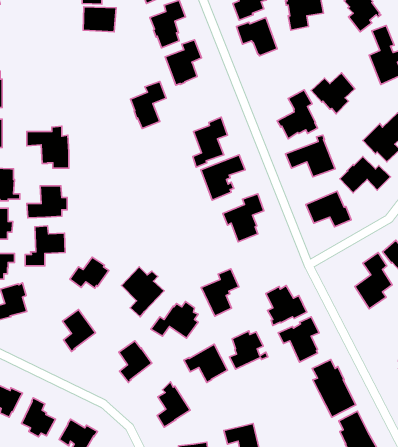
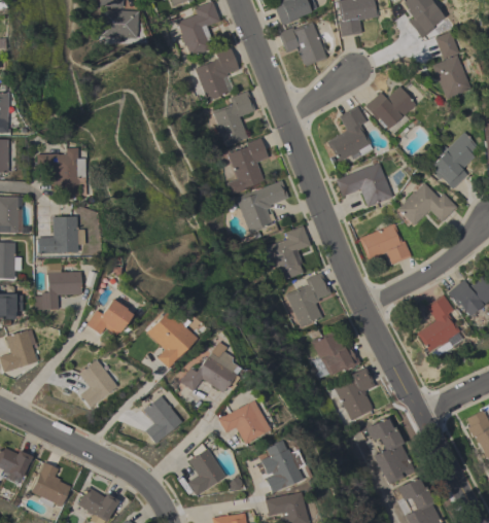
building: [130,81,166,129] -> [214,91,255,145]
building: [201,269,239,316] -> [287,272,330,326]
building: [229,331,268,369] -> [265,448,309,492]

